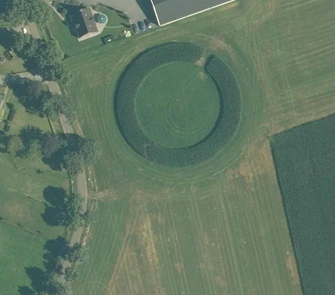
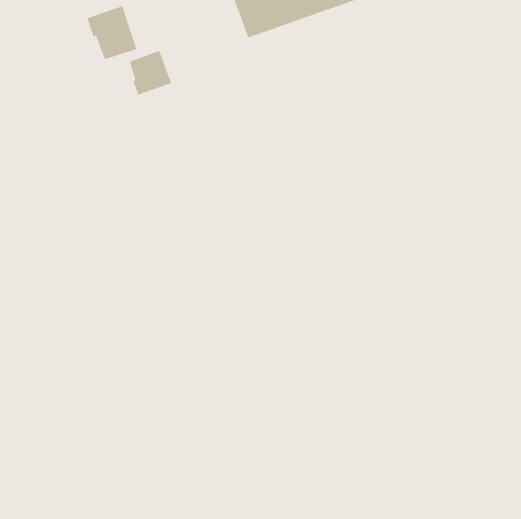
building: none -> [129,50,172,95]

